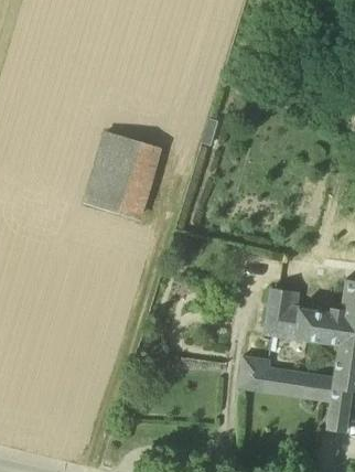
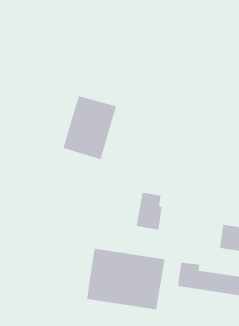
building: [263,286,299,336] -> [136,192,162,230]
building: none -> [86,248,165,310]

